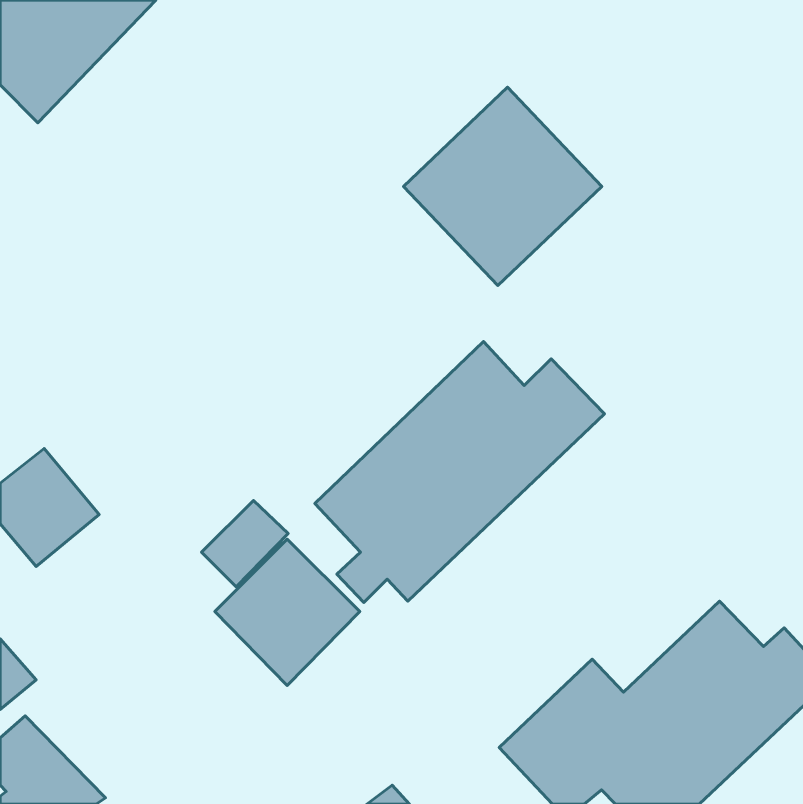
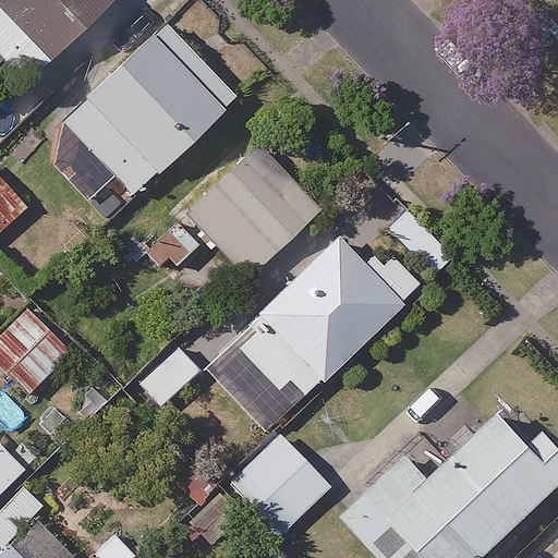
building: none -> [71,25,234,197]
building: [403,87,602,285] -> [180,142,317,279]
building: [215,539,360,685] -> [228,436,328,537]

